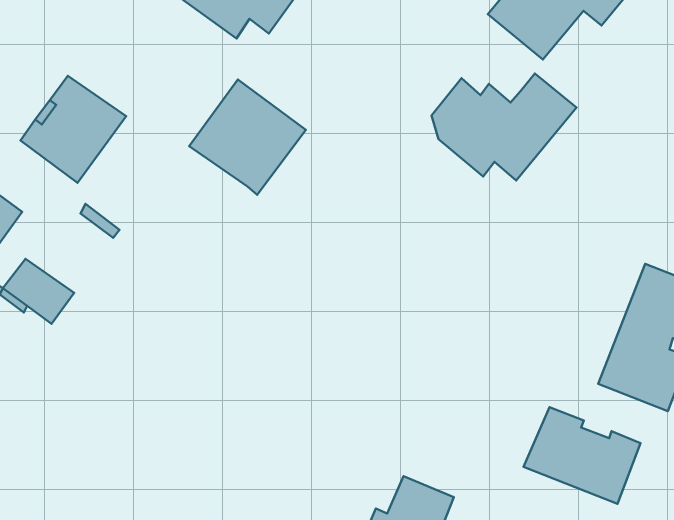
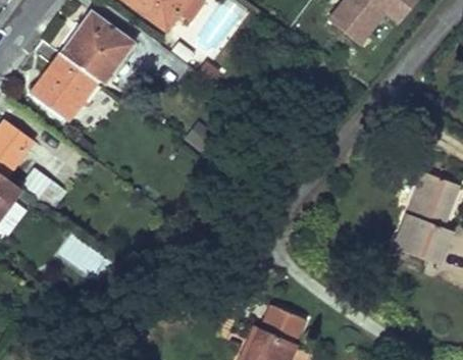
building: [432,73,576,181] -> none
building: [189,80,306,195] -> [60,11,134,84]
building: [524,407,641,504] -> none

